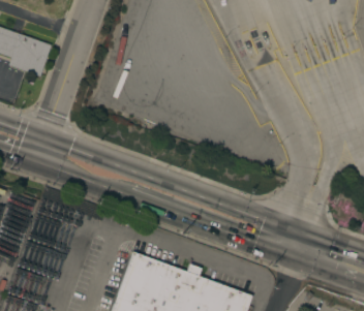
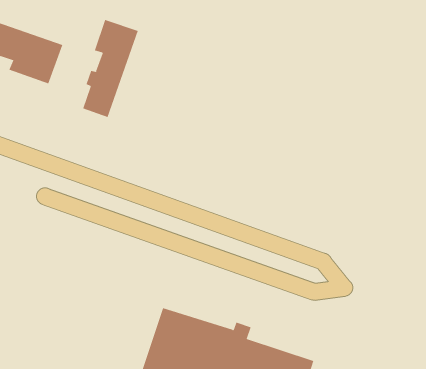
building: none -> [82,19,138,118]

